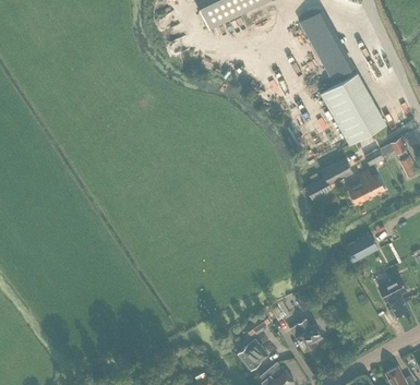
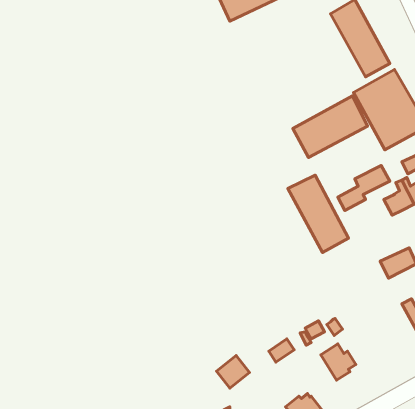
building: none -> [293,96,368,158]
building: none -> [288,175,349,252]
building: [239,340,268,370] -> [217,355,249,388]

